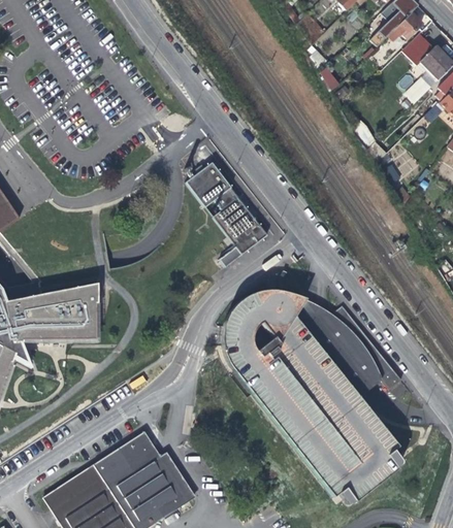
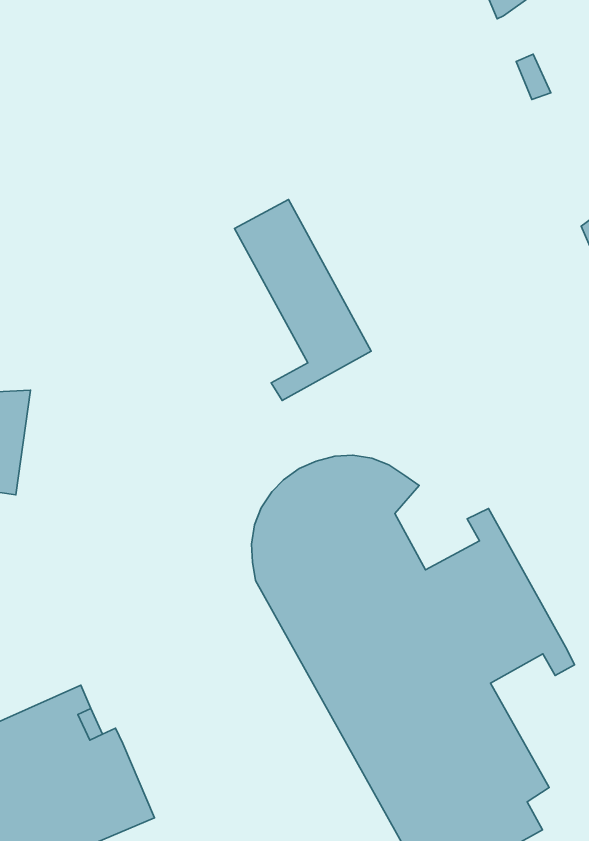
building: [294,299,341,342] -> none

